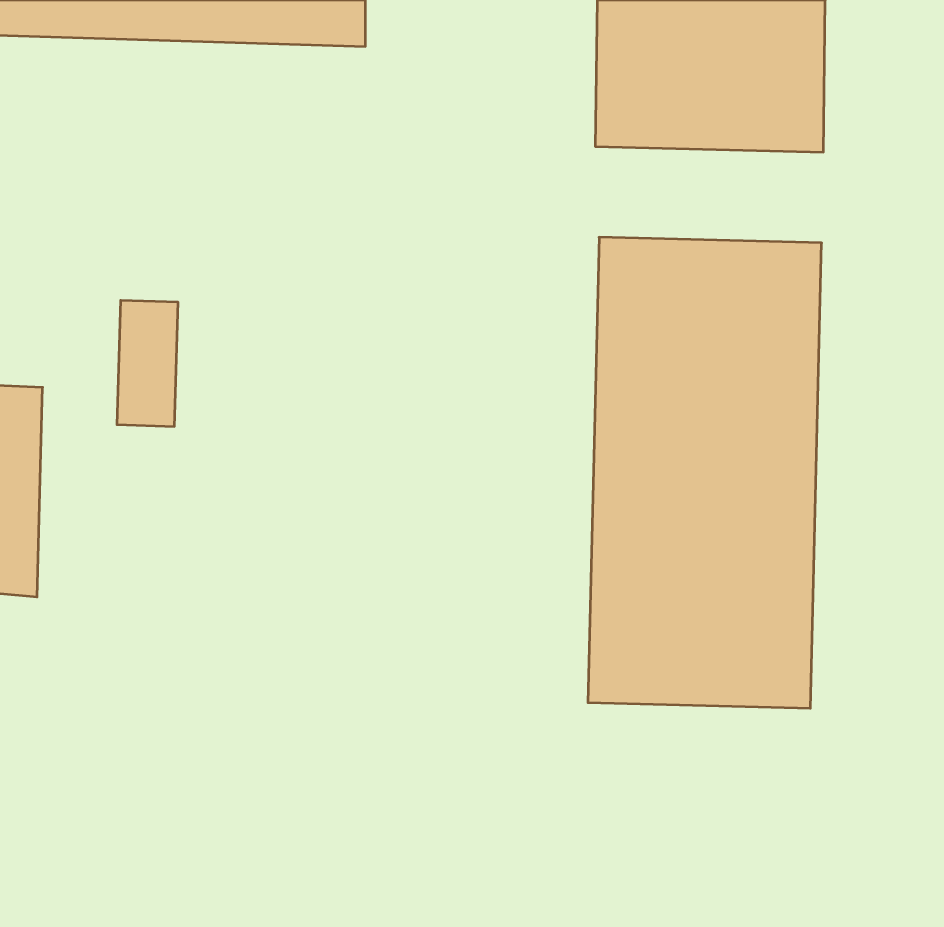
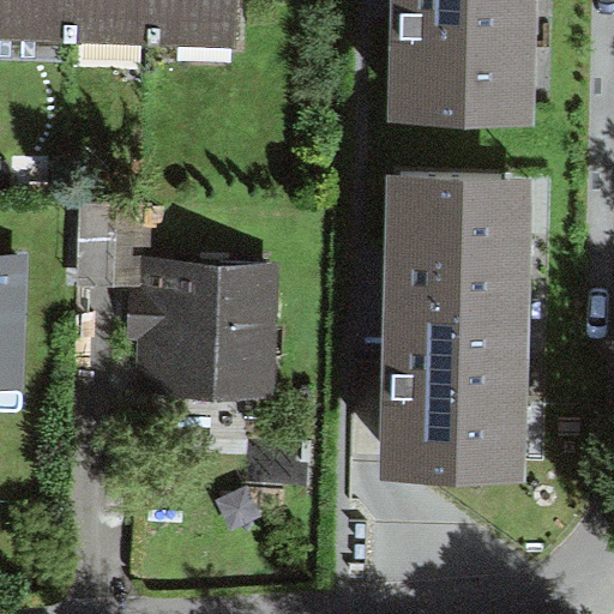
building: none -> [140,265,278,398]

